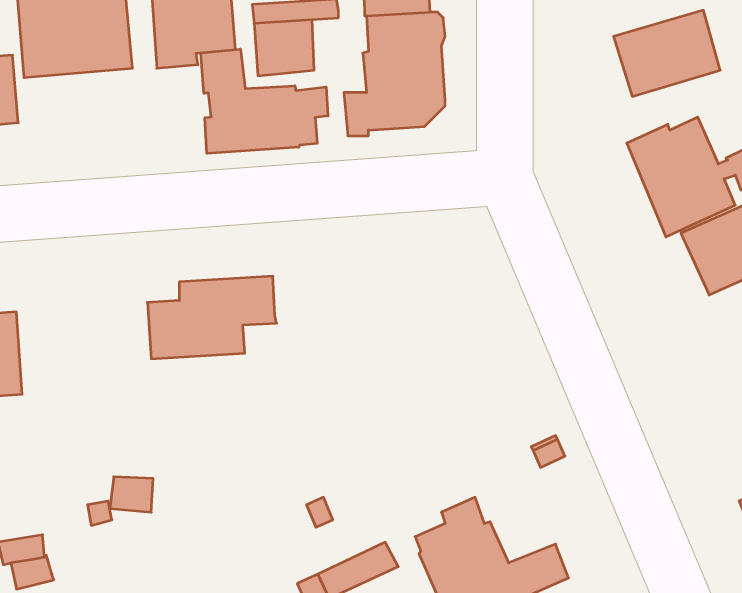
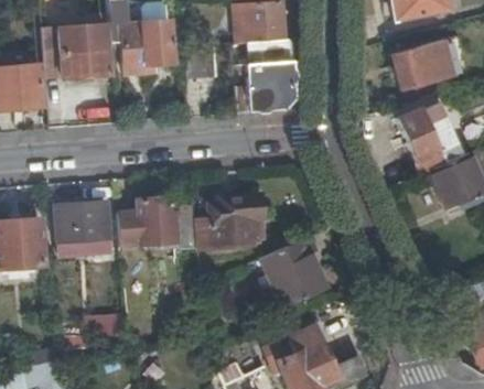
building: [201,49,328,153] -> none
building: none -> [193,194,265,246]
building: none -> [55,201,110,240]
building: none -> [259,237,327,311]

